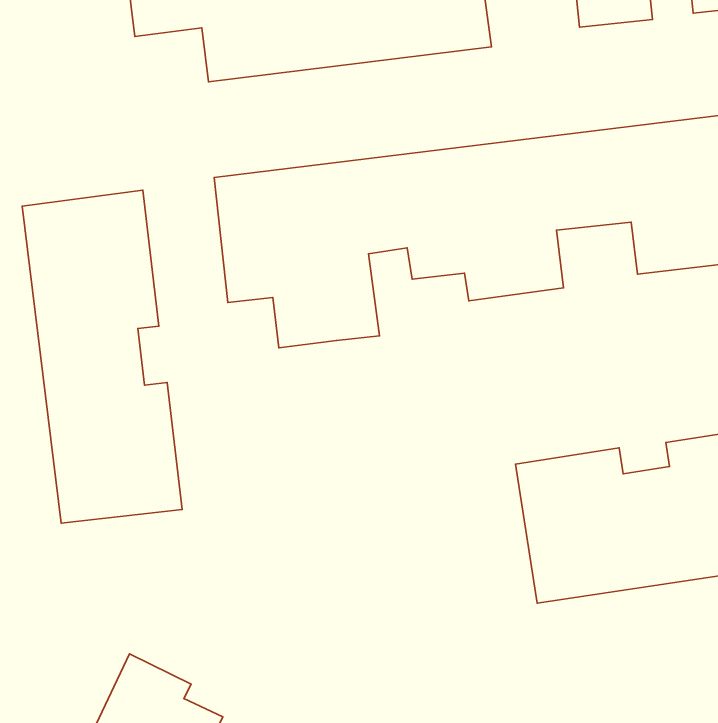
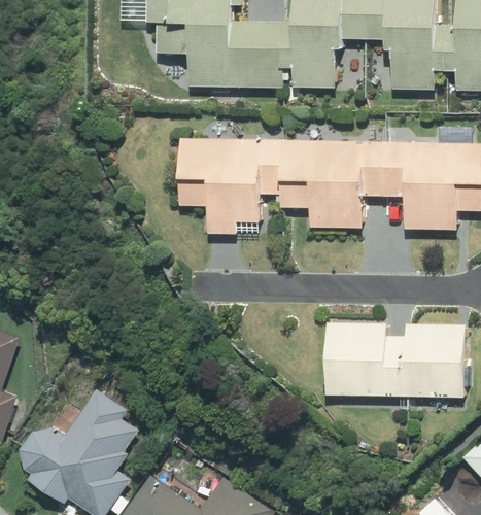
building: [22,190,182,523] -> none

